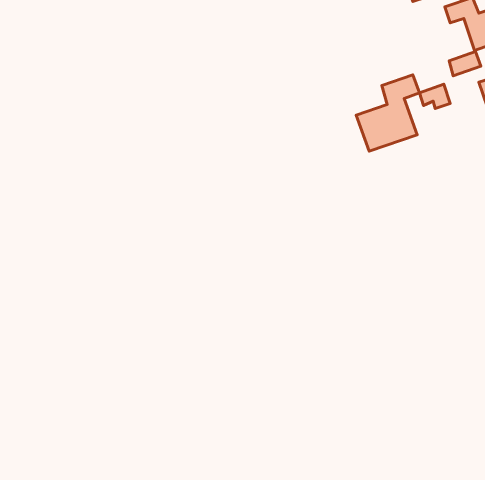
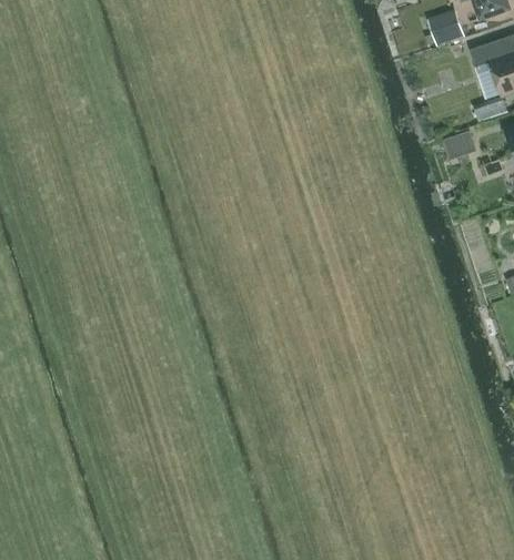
building: [356,75,419,151] -> none

